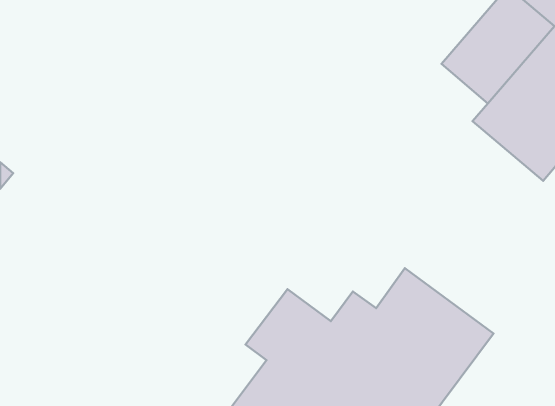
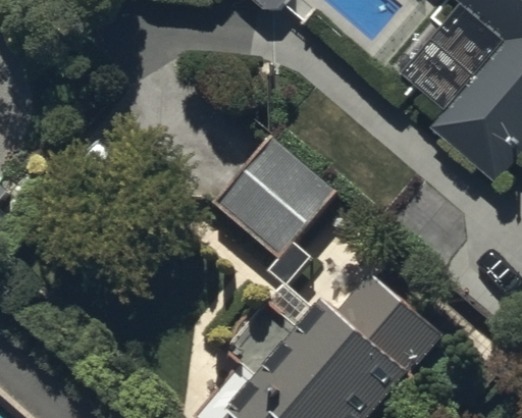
building: none -> [212,127,343,280]

